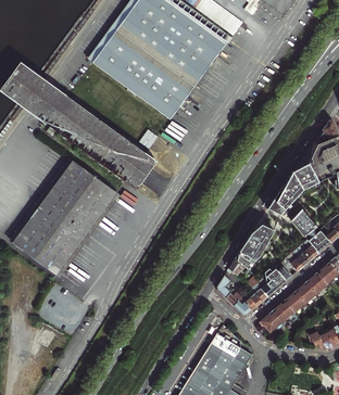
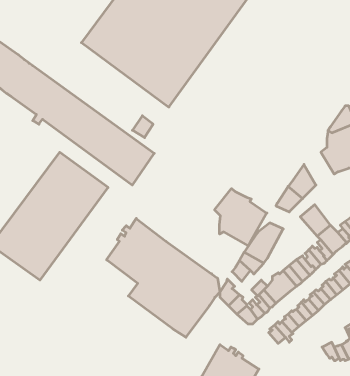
building: [292,162,319,191] -> none
building: none -> [215,189,267,246]
building: none -> [107,218,220,337]

